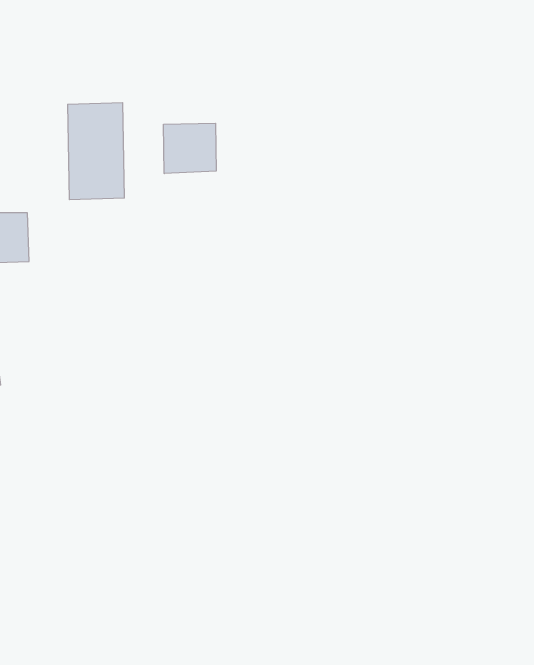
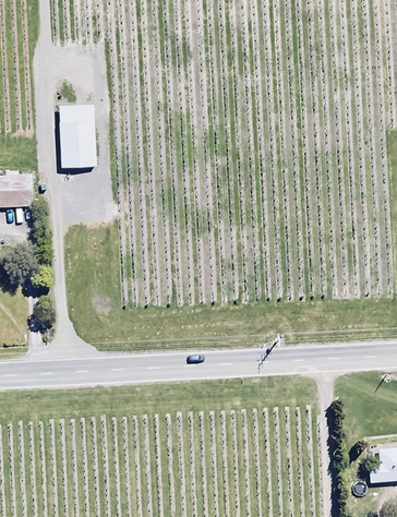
building: [164,123,216,174] -> none

